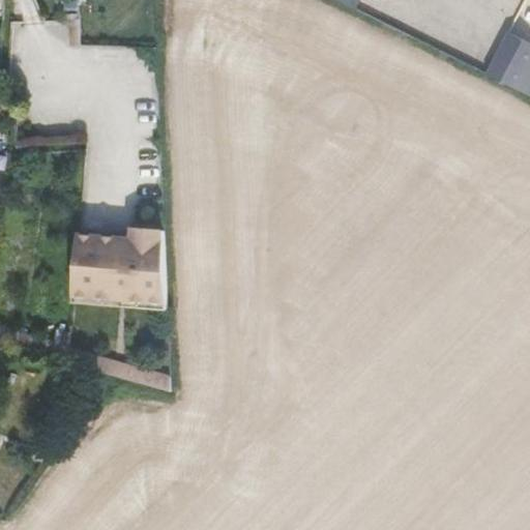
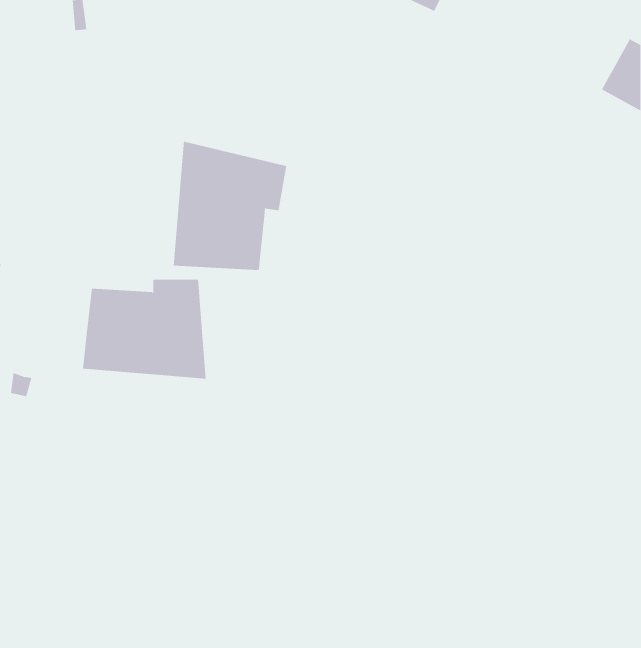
building: none -> [173,141,287,271]

